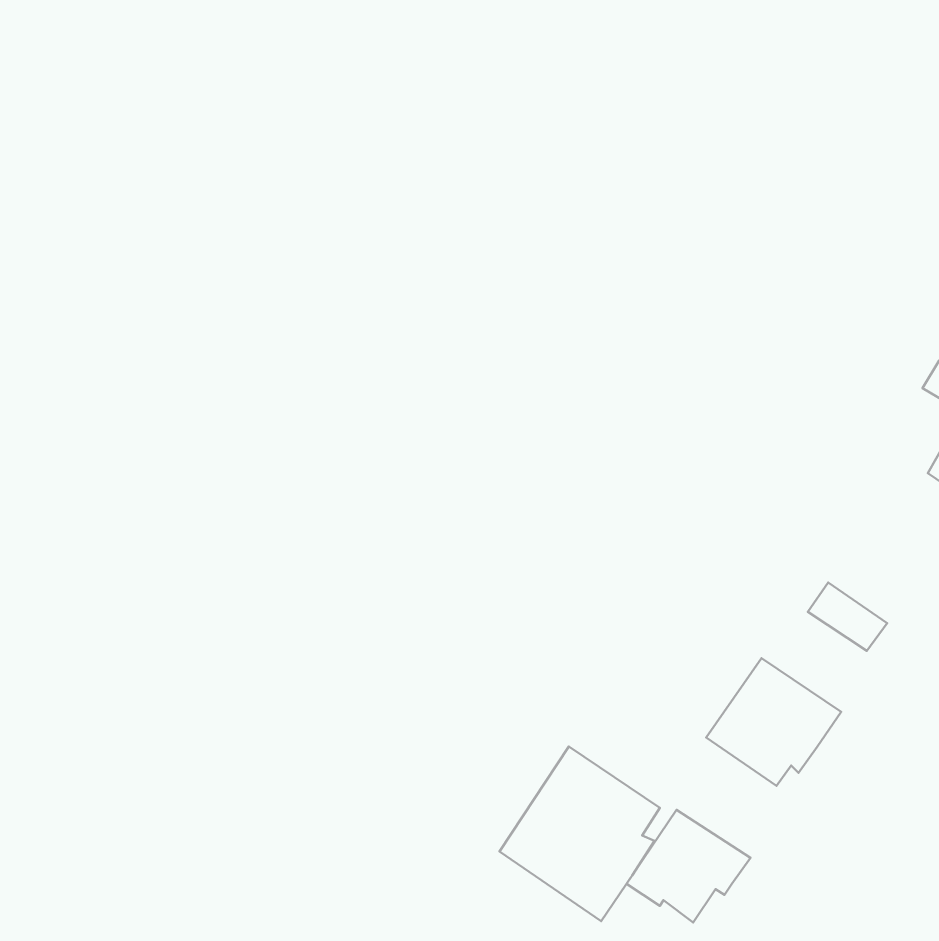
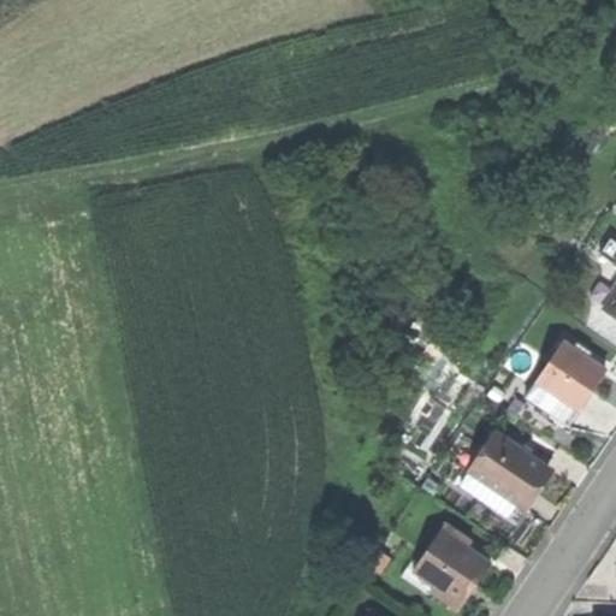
building: none -> [540,340,608,407]
building: [499,747,660,921] -> none

